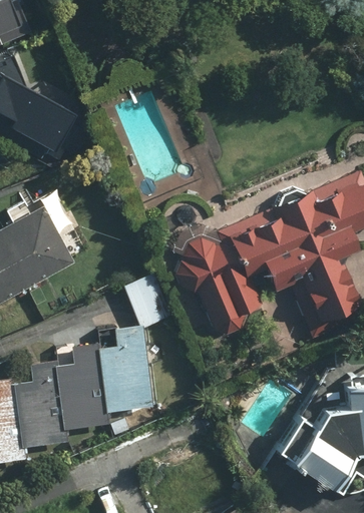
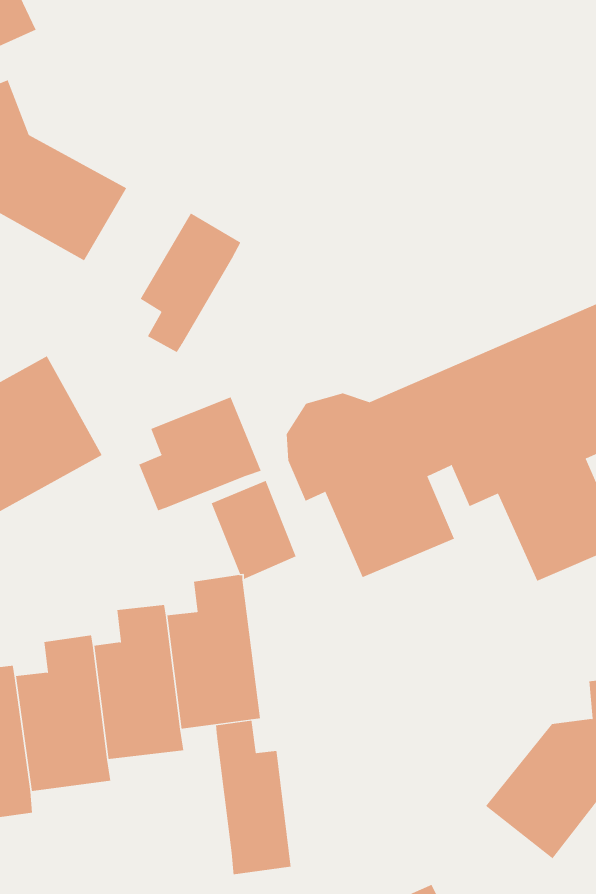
building: none -> [140,212,241,353]
building: none -> [138,396,261,511]
building: none -> [215,720,291,875]

